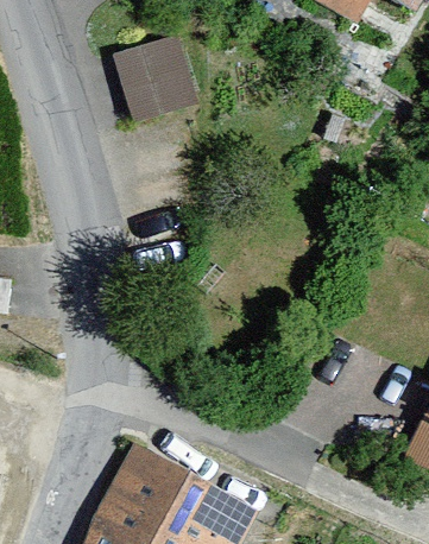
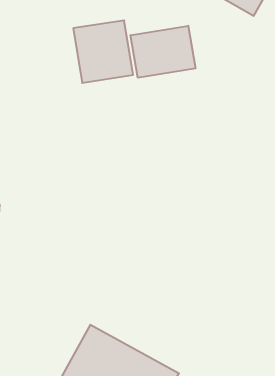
building: none -> [131,26,195,78]

